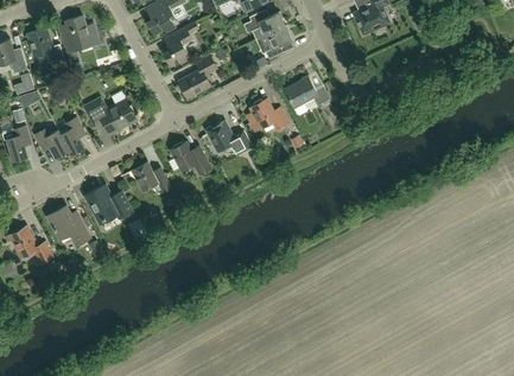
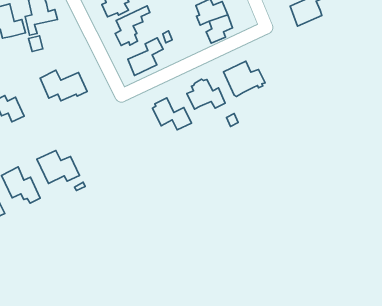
building: [59,117,84,154] -> none
building: [169,141,210,174] -> none
building: [132,162,171,191] -> none

